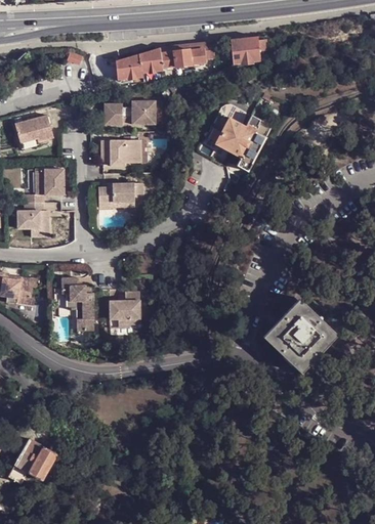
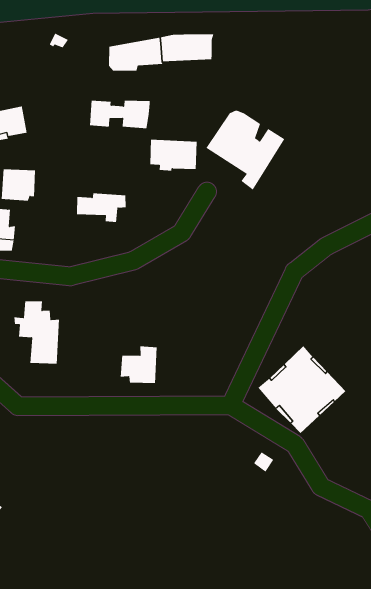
building: [232,36,260,63] -> none
building: [101,139,142,166] -> [149,139,197,171]
building: [111,292,141,323] -> [120,346,158,383]

